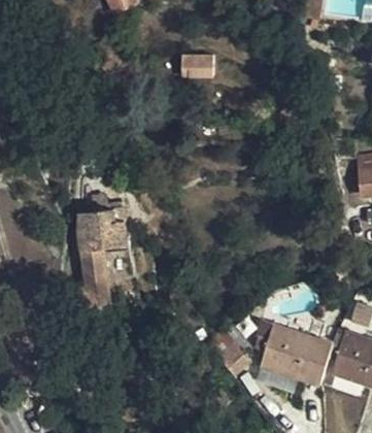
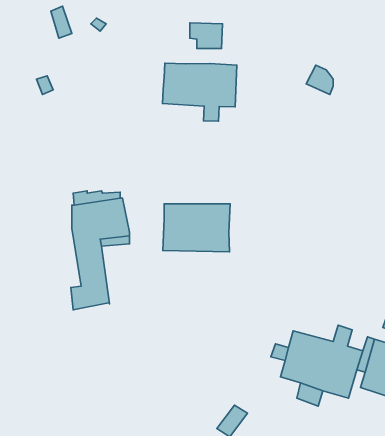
building: none -> [163,63,237,121]
building: none -> [163,204,230,252]

